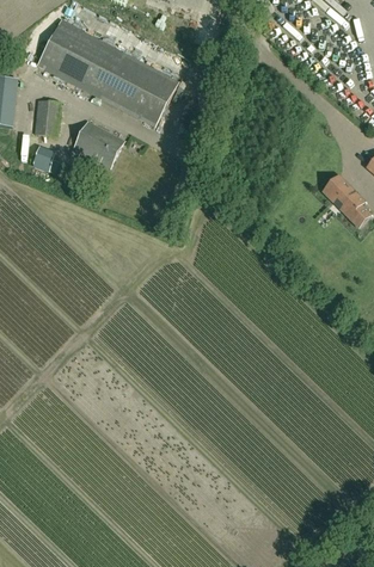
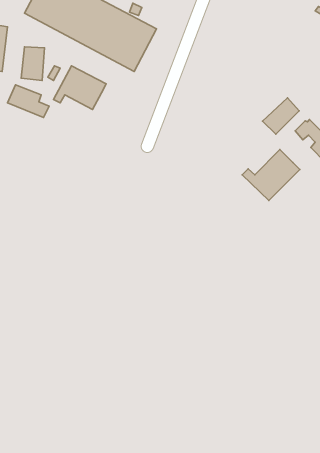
building: none -> [263,98,299,134]
building: none -> [242,150,300,200]

